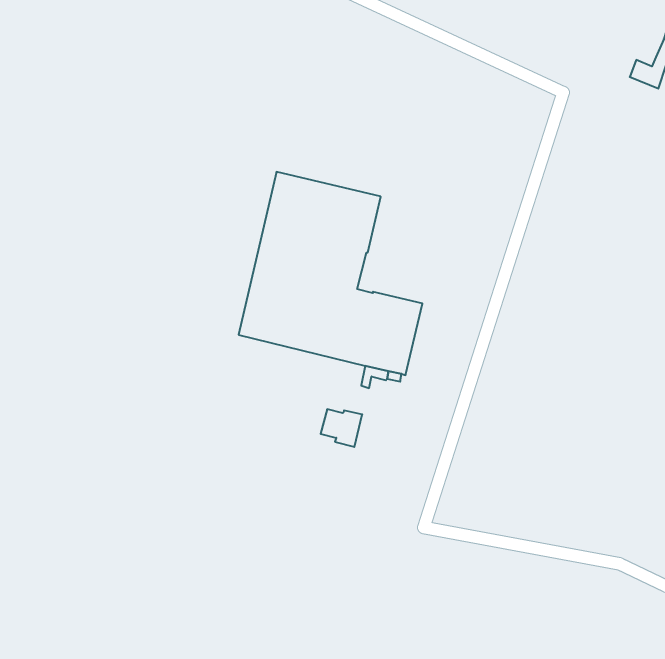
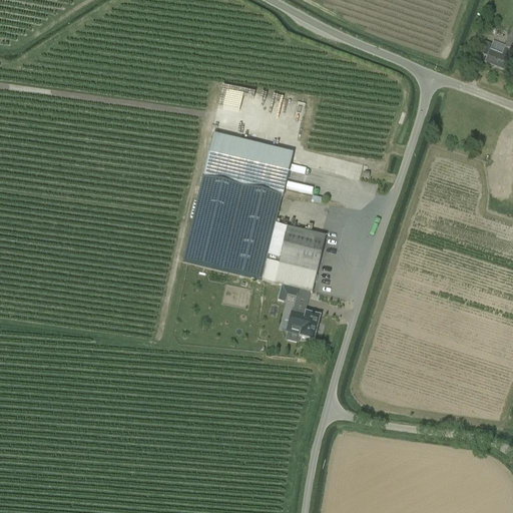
building: [321,409,362,447] -> [289,309,321,338]

